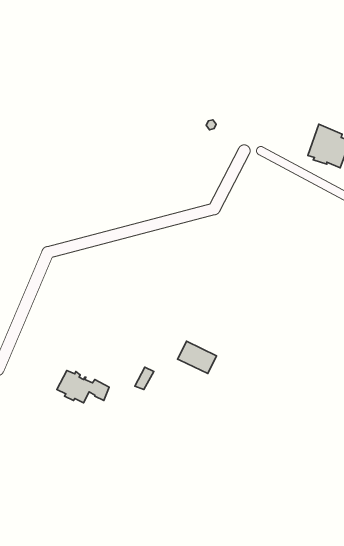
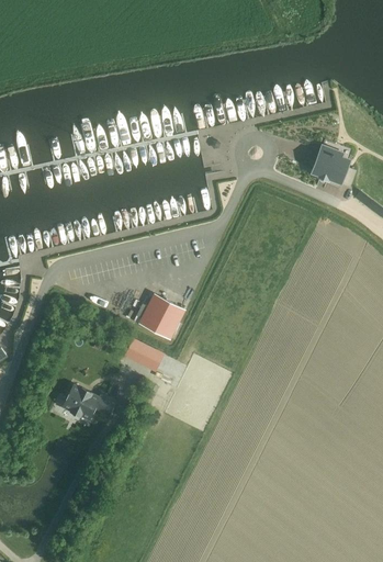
building: none -> [146,297,177,336]
building: [178,341,217,374] -> [125,339,164,371]

